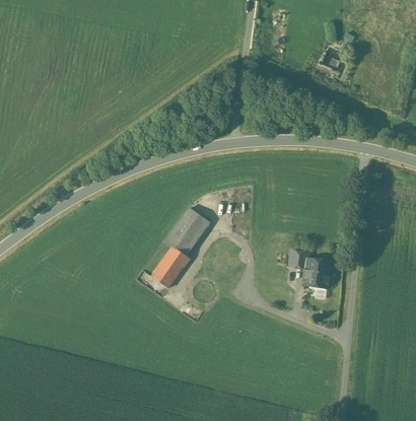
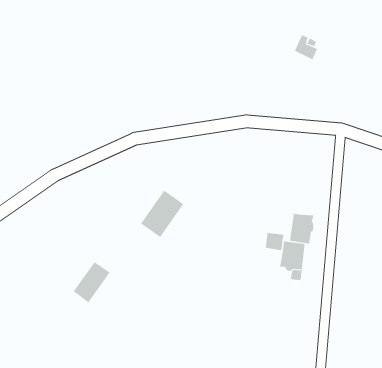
building: none -> [290,213,314,245]
building: [151,245,189,287] -> [73,261,110,303]

